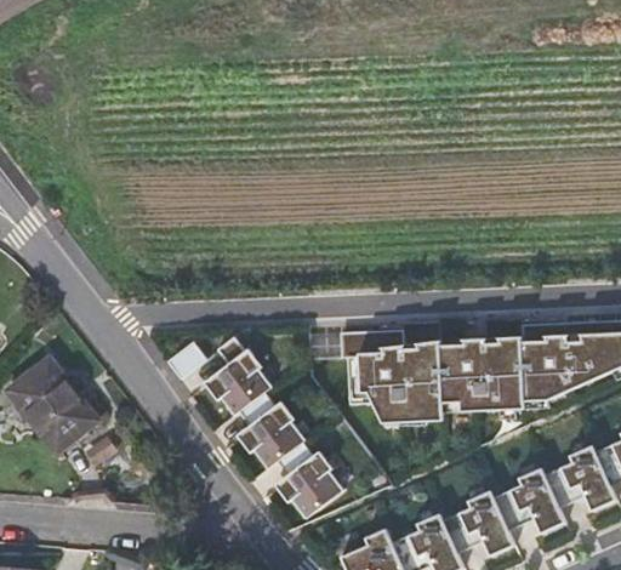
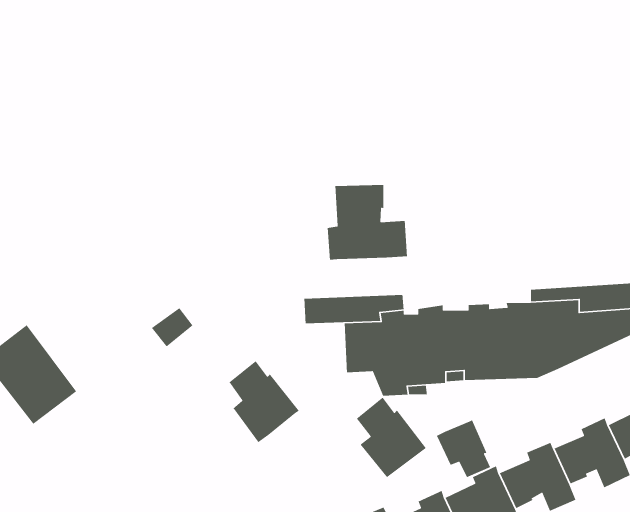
building: none -> [327,184,408,261]
building: [211,337,273,415] -> none
building: [278,441,344,518] -> [356,397,427,478]
building: none -> [436,419,491,478]

